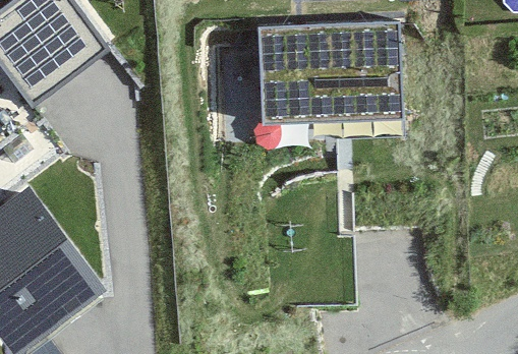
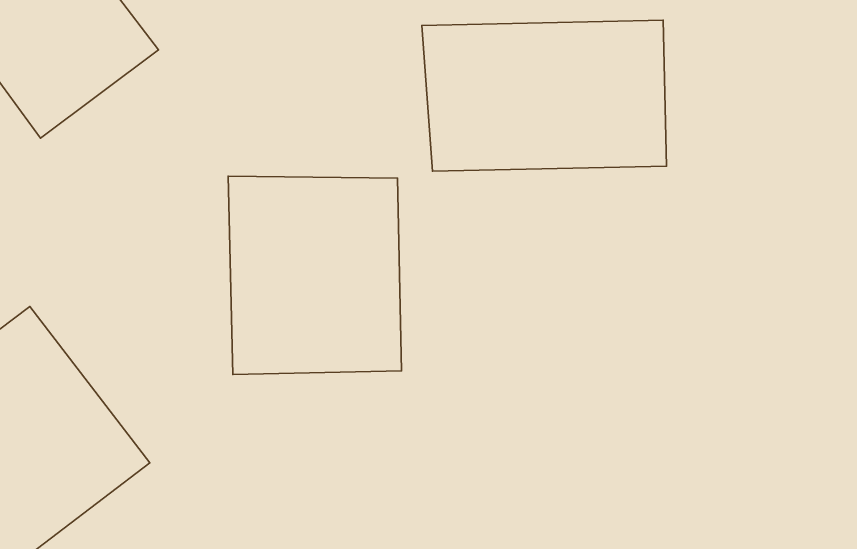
building: none -> [228,176,402,375]

